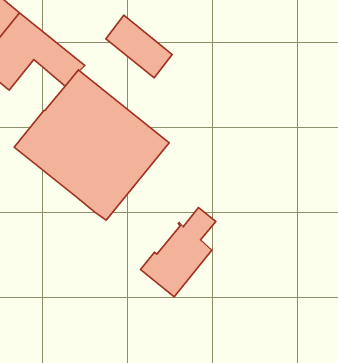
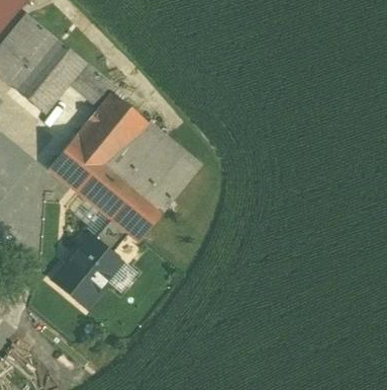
building: [106,15,172,78] -> none
building: [140,207,216,297] -> [51,218,125,307]

